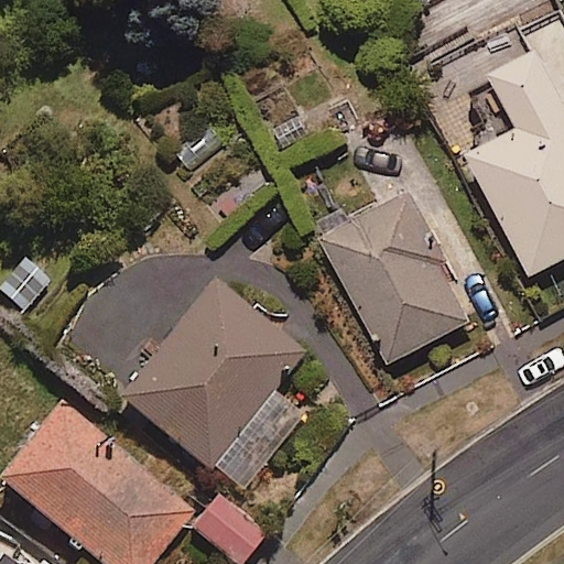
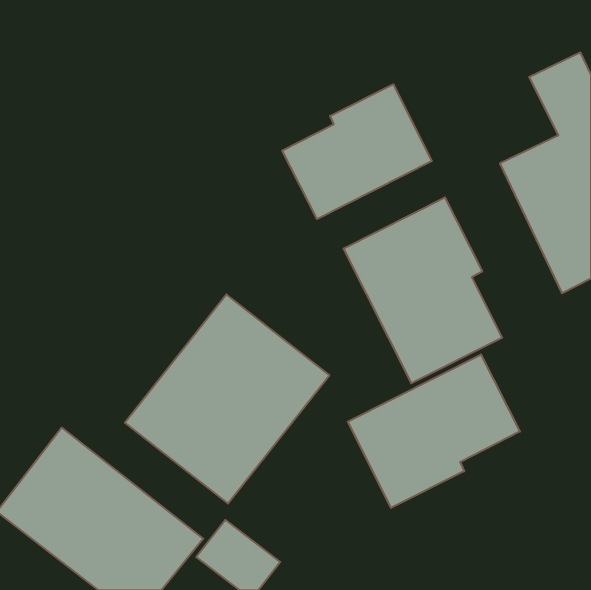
building: none -> [282,84,432,219]
building: none -> [348,354,520,508]

